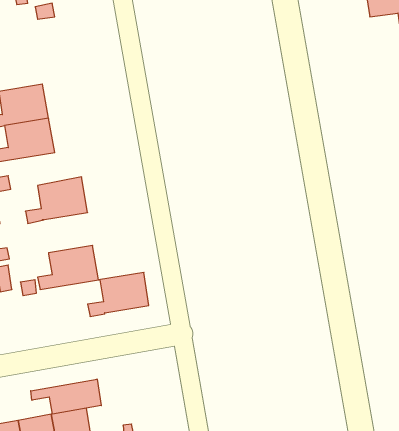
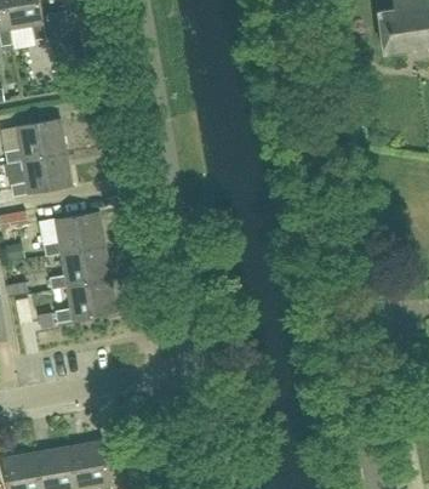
building: [88,272,149,316] -> [50,246,110,290]
building: [31,379,101,414] -> none

